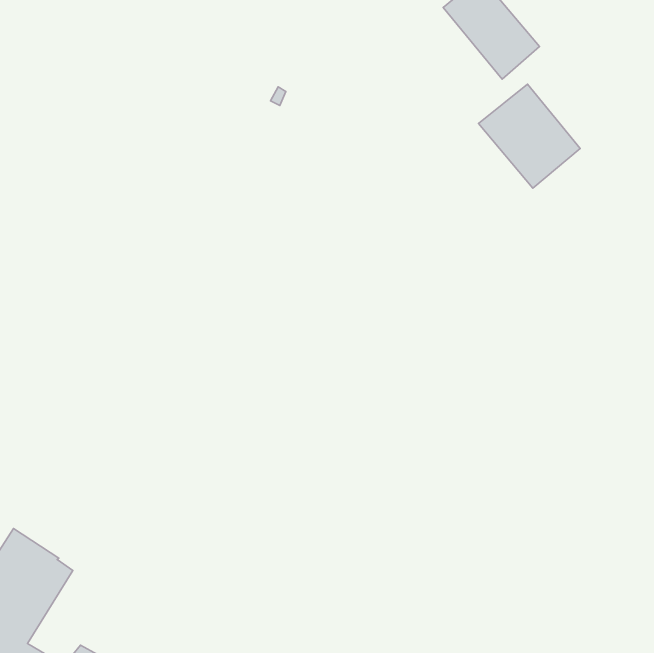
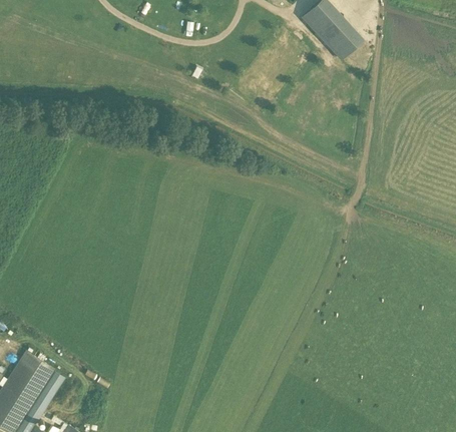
building: [478,84,580,188] -> none

